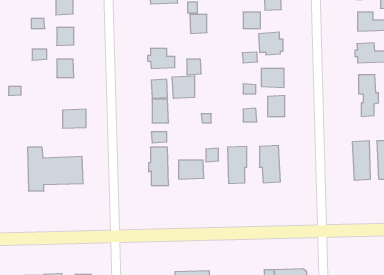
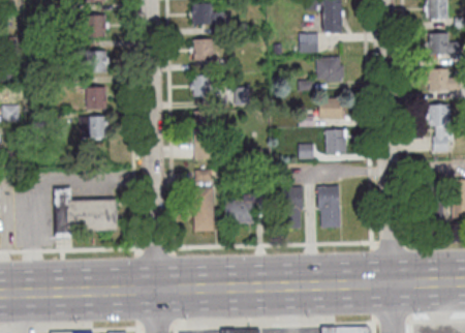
building: [190,14,207,34] -> [193,38,213,60]
building: [172,76,195,99] -> none
building: [62,109,86,128] -> [80,116,106,138]

